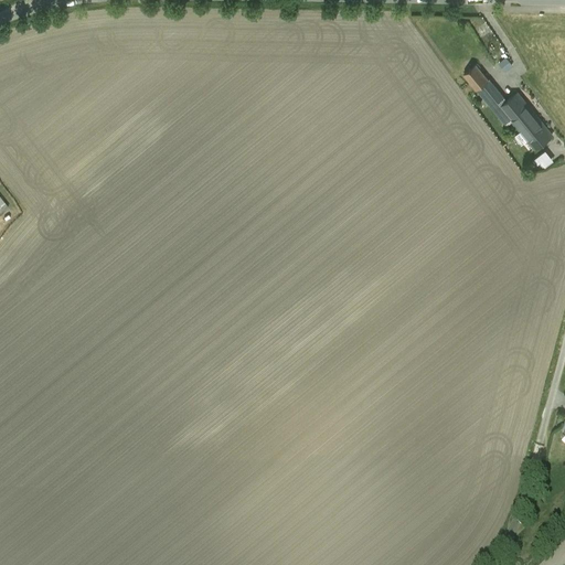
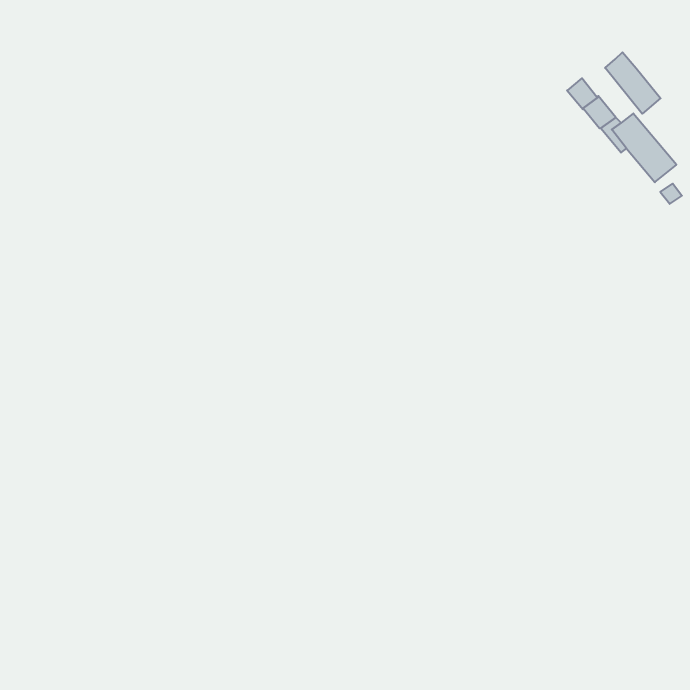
building: none -> [605,52,661,114]

